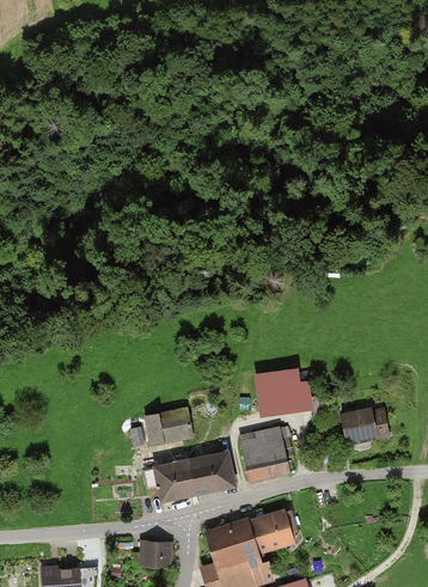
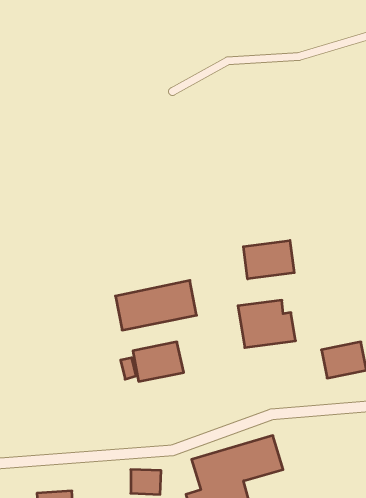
building: none -> [243,240,294,279]
building: [237,428,299,483] -> none
building: [152,451,238,503] -> [115,280,197,330]

